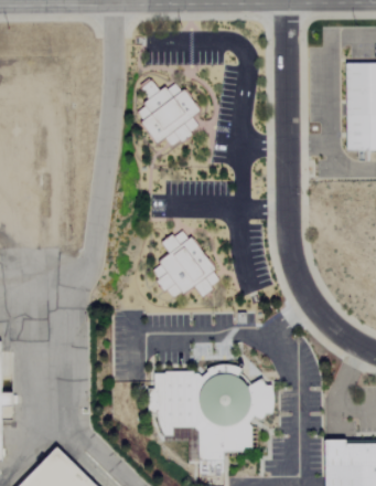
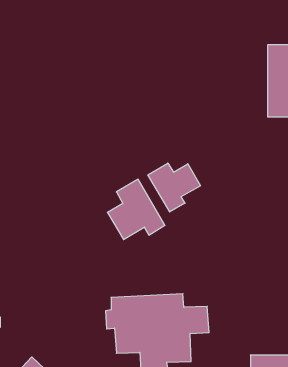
building: [133,81,201,149] -> none
building: none -> [148,163,200,212]

